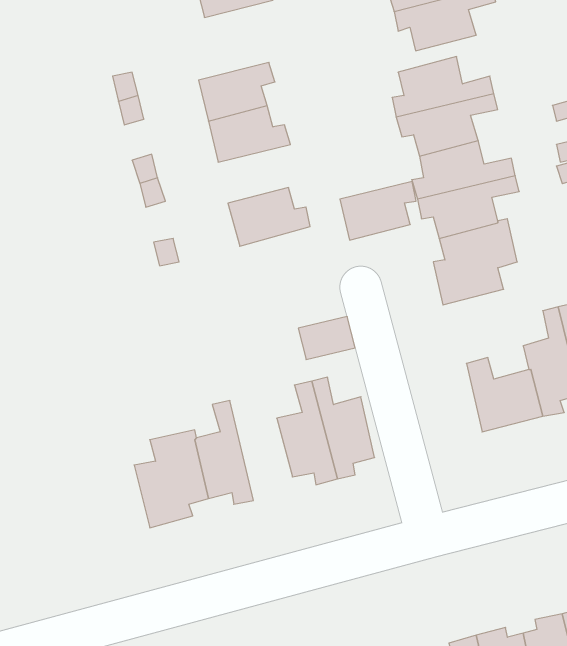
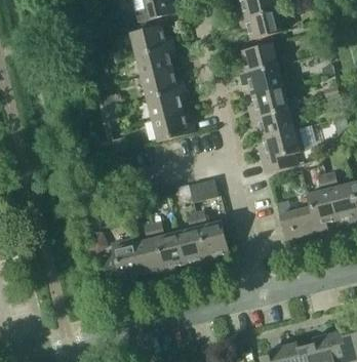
building: none -> [130,26,173,55]
building: [340,181,416,240] -> [147,89,187,120]
building: none -> [153,222,186,276]

